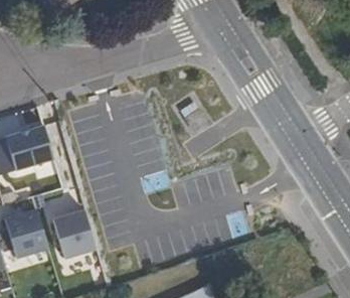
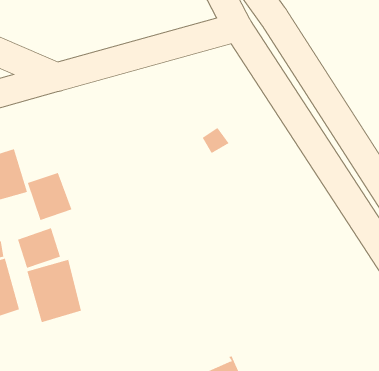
building: none -> [27,172,72,221]

